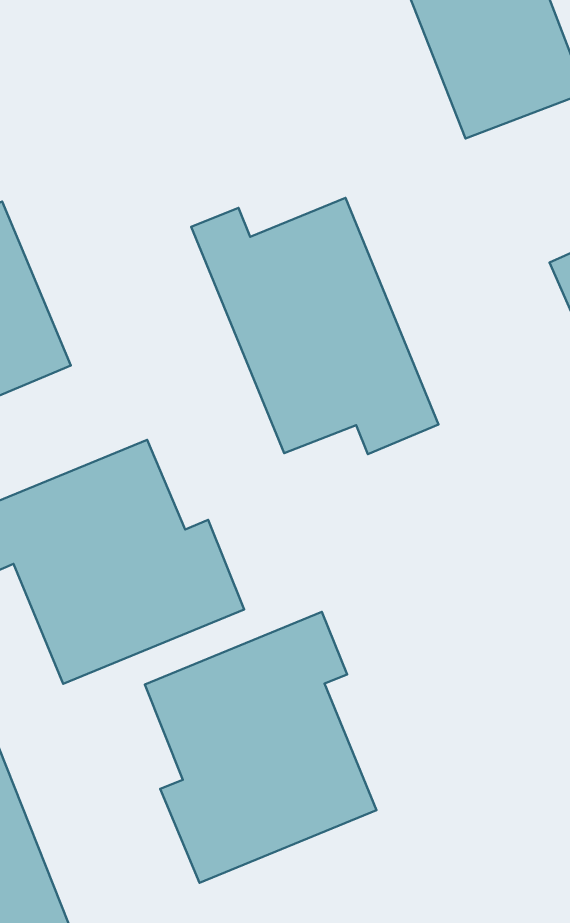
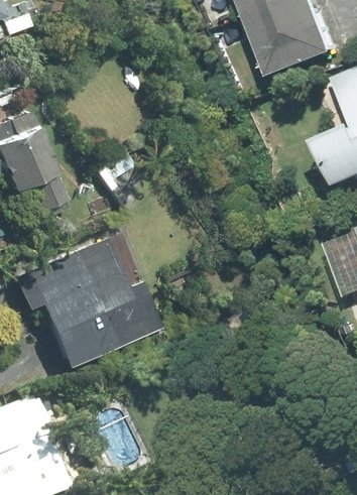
building: [191,198,438,454] -> none
building: [145,612,376,883] -> none

